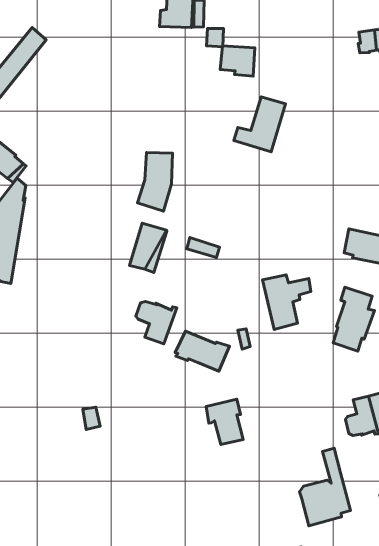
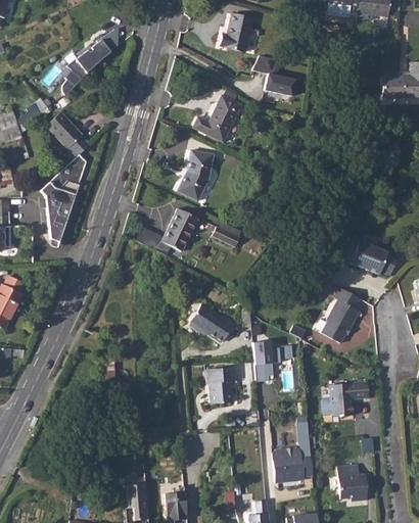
building: [234,97,286,152] -> [193,94,241,141]
building: [262,275,311,329] -> [252,339,291,383]
building: [136,302,177,344] -> none

